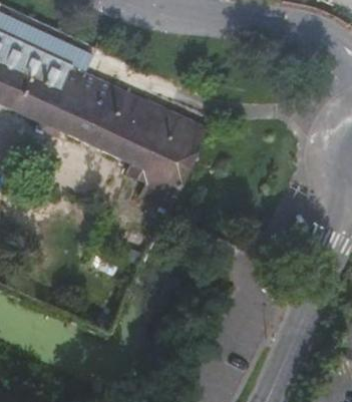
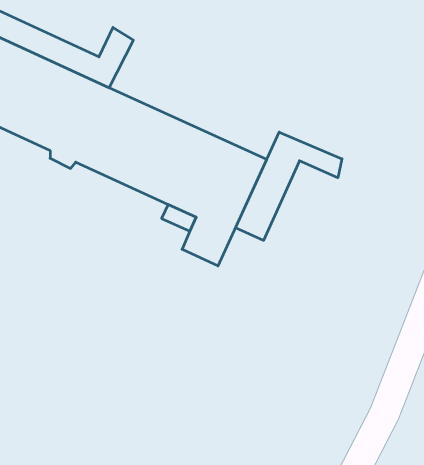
building: none -> [236,132,342,240]

